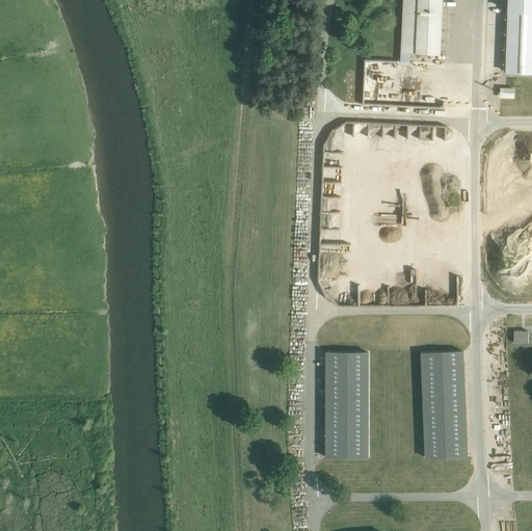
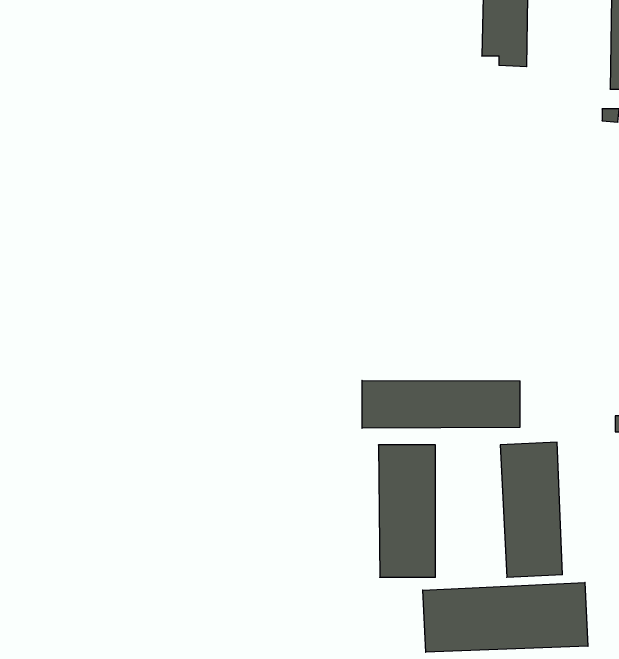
building: none -> [362,380,520,428]
building: none -> [423,582,588,652]

